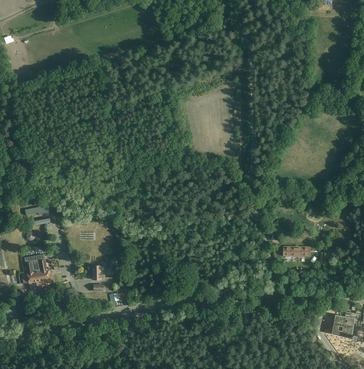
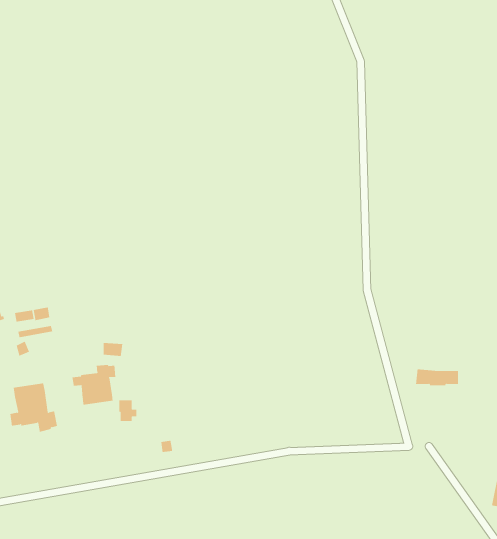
building: none -> [72,364,116,406]

